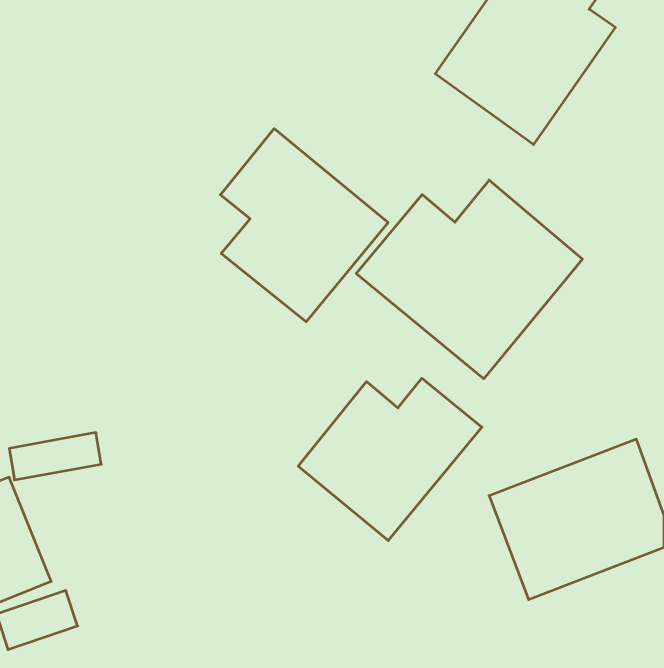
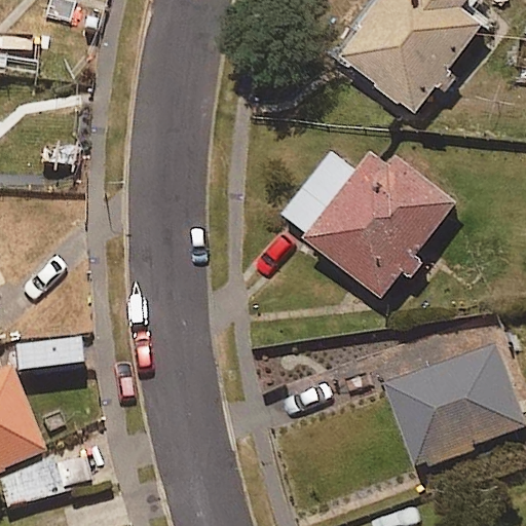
building: [220,129,388,322] -> none
building: [298,378,482,541] -> none

